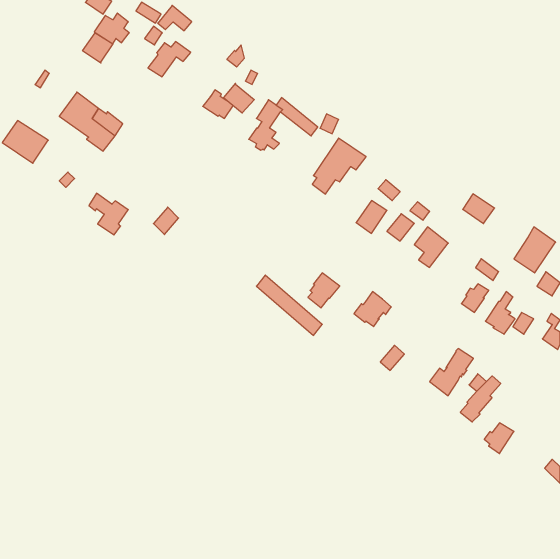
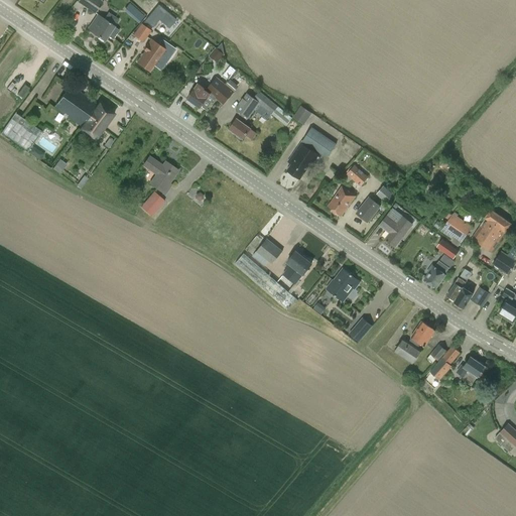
building: [83,33,113,63] -> none
building: [89,193,128,235] -> [141,154,177,192]
building: [463,194,495,224] -> [443,214,473,241]
building: none -> [253,238,282,266]
building: [484,423,514,454] -> [457,357,484,385]

